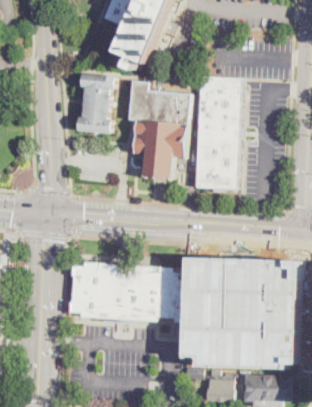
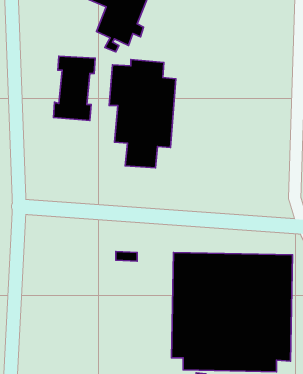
building: [194,76,239,192] -> none
building: [69,263,183,322] -> none

